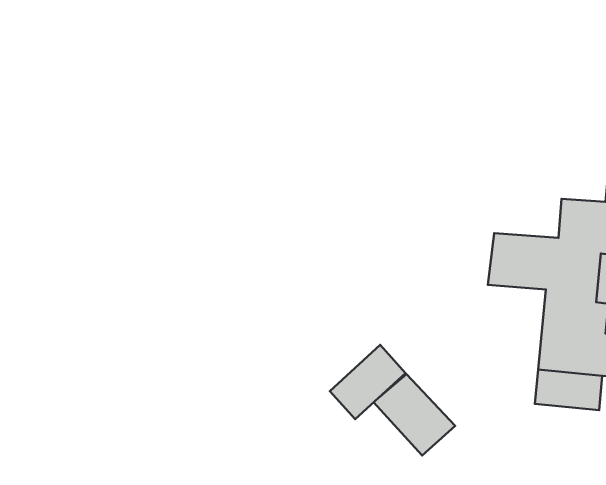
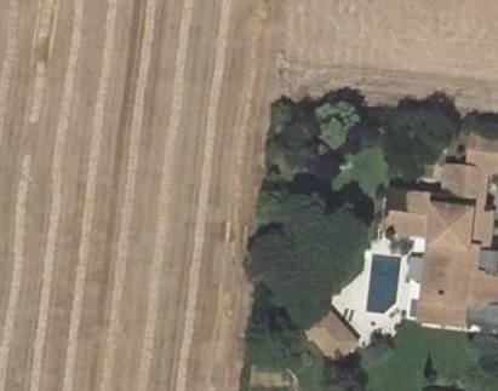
building: [330,345,406,419] -> none

